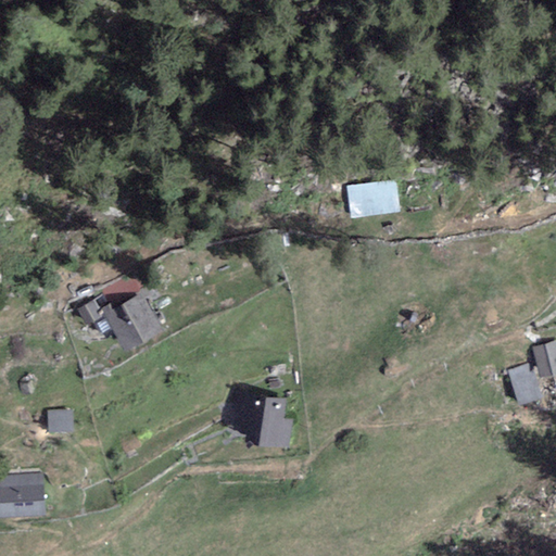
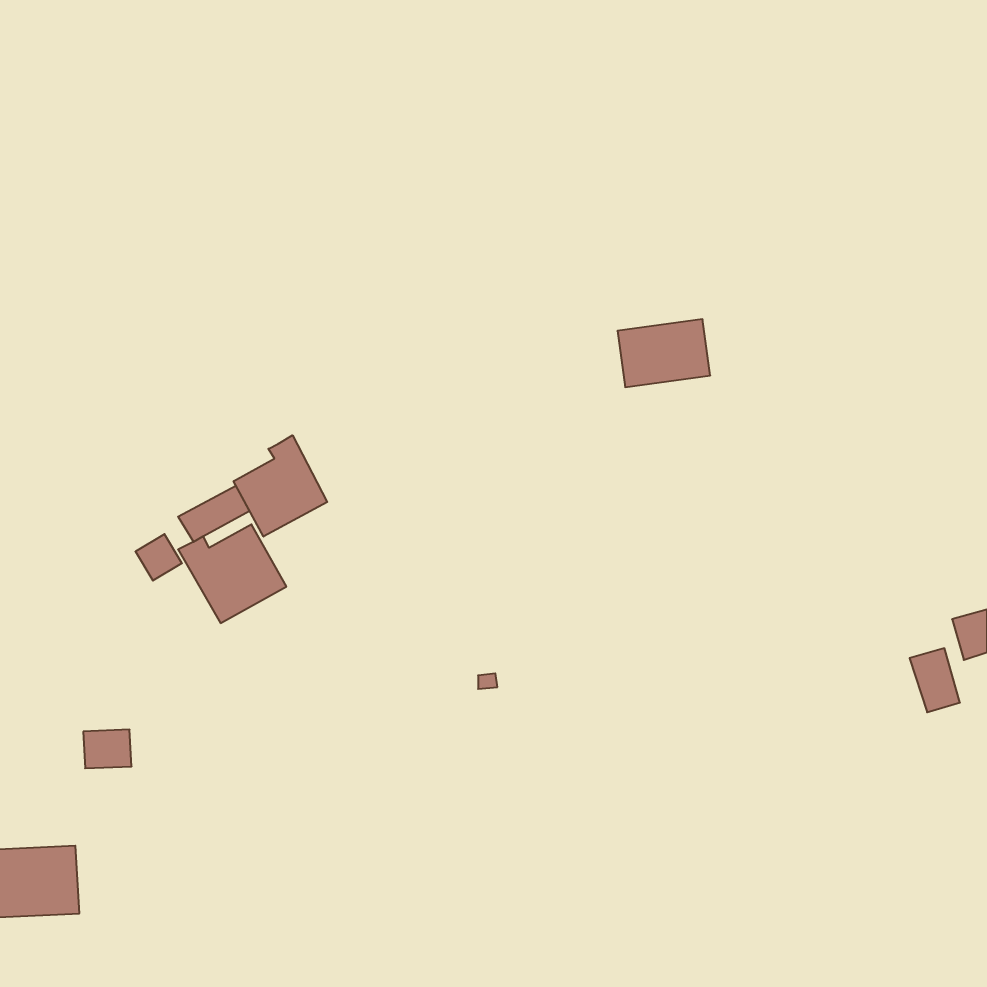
building: none -> [234,435,327,537]
building: [244,394,291,450] -> none

